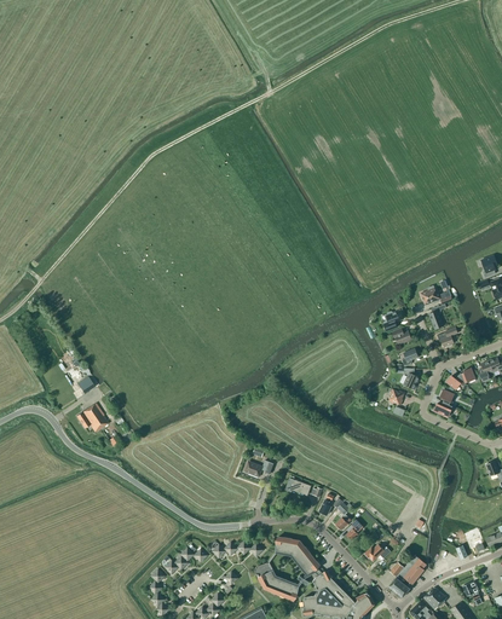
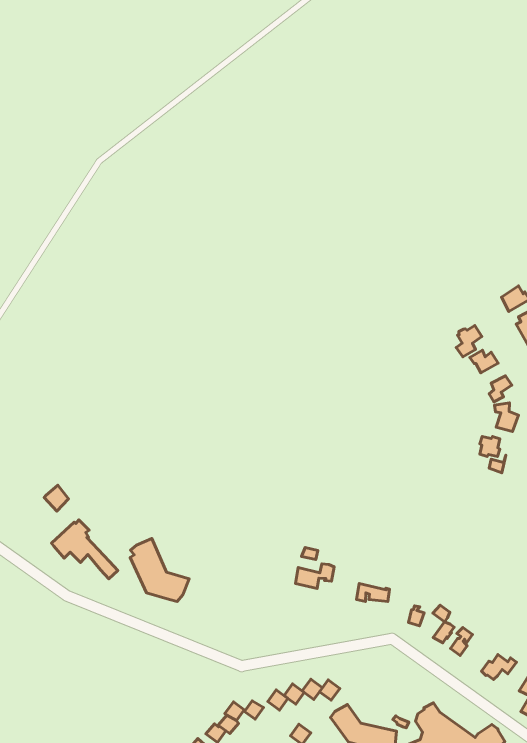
building: none -> [130,538,189,601]
building: [276,537,318,574] -> none

